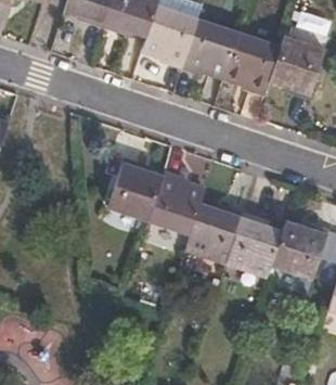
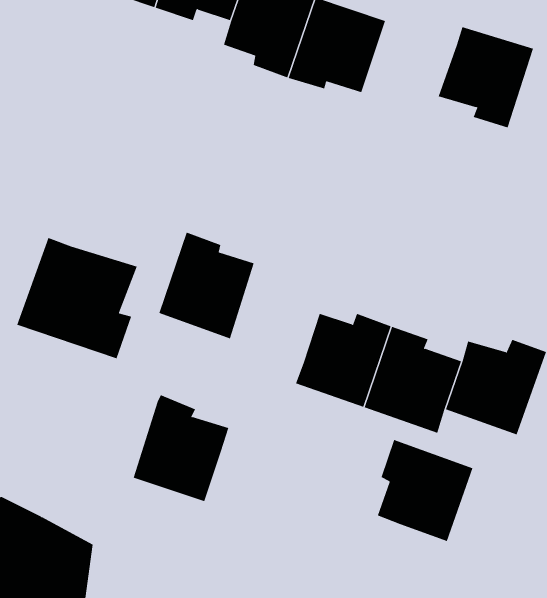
building: [223,34,279,93] -> none
building: none -> [17,237,138,359]
building: [146,171,203,234] -> [133,394,229,502]
building: none -> [377,439,473,542]

